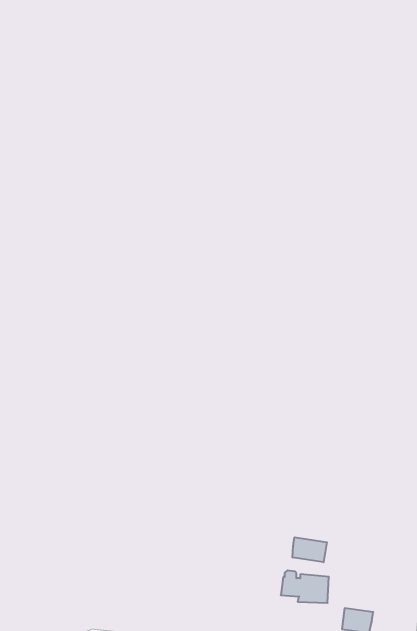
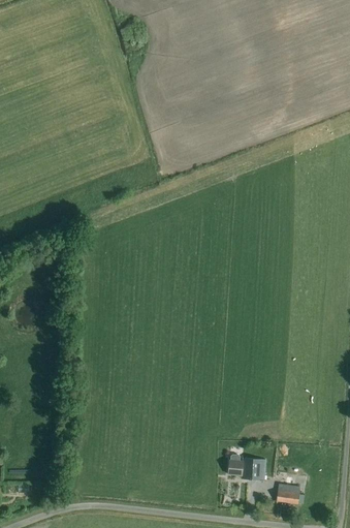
building: [293,537,327,562] -> none

